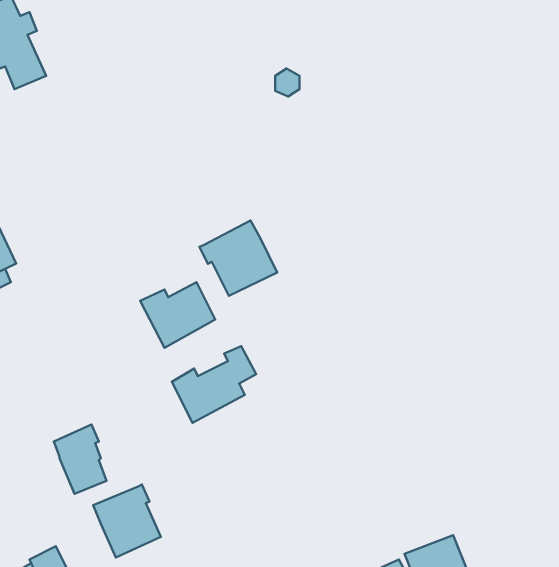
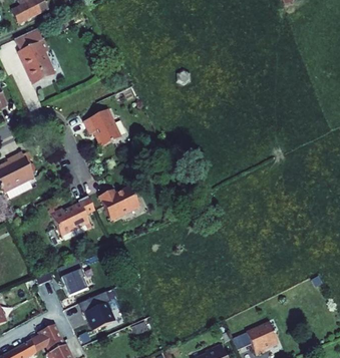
building: none -> [85,108,122,145]
building: [199,220,277,296] -> none
building: [172,346,256,423] -> [52,196,97,237]

